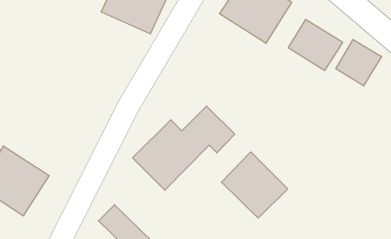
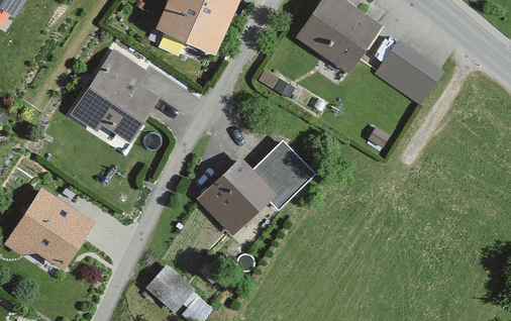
building: none -> [67,52,159,145]
building: [336,40,382,86] -> none
building: [221,152,288,218] -> none

